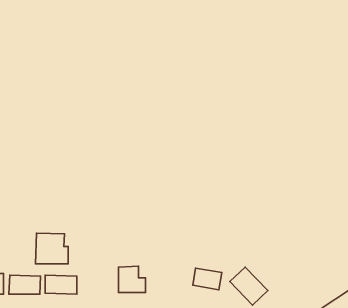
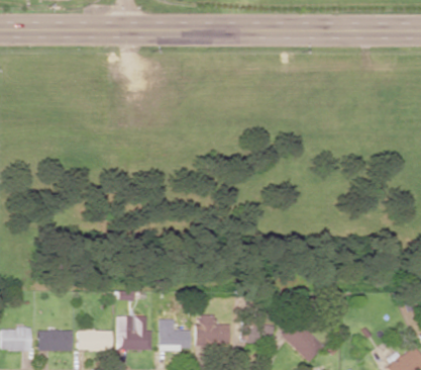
building: [36,233,68,264] -> [115,315,151,350]
building: none -> [195,315,230,346]

